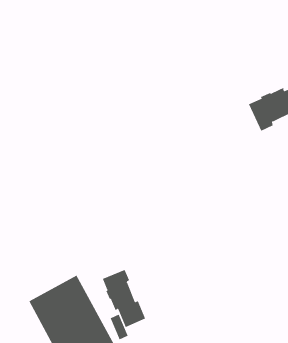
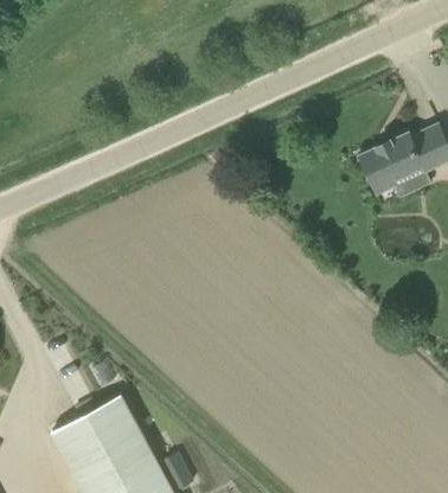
building: [102,269,146,328] -> none

